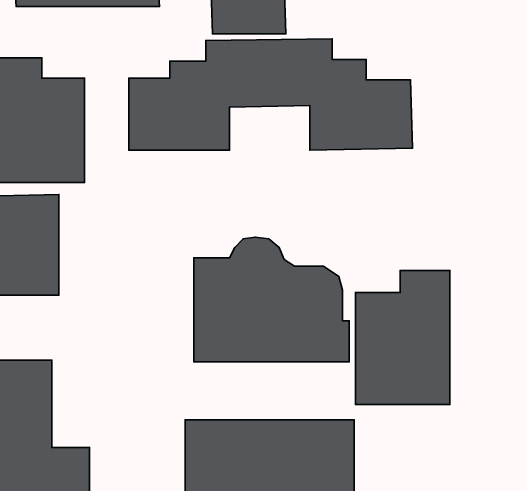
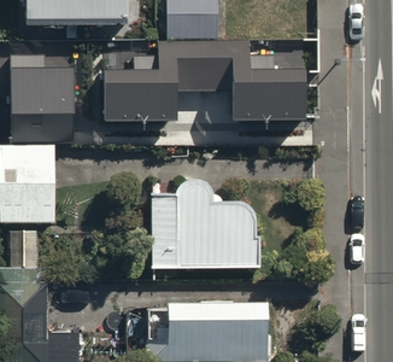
building: [355,271,450,405] -> none

